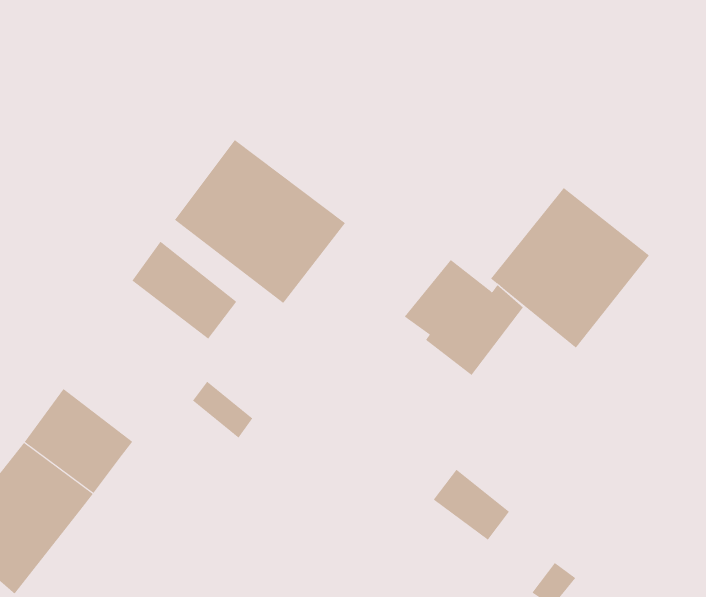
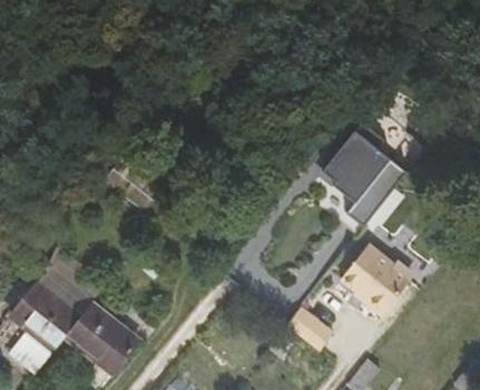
building: [174,139,346,304] -> none
building: [404,259,524,376] -> [337,243,412,315]
building: none -> [66,298,140,368]

